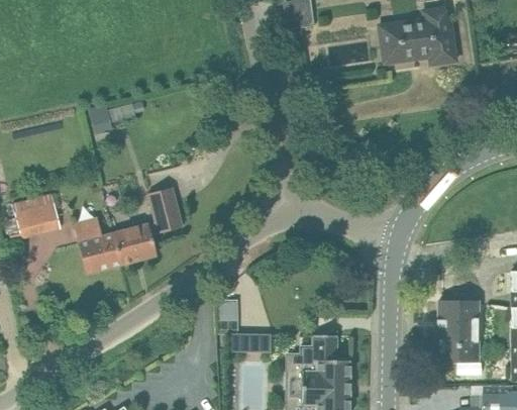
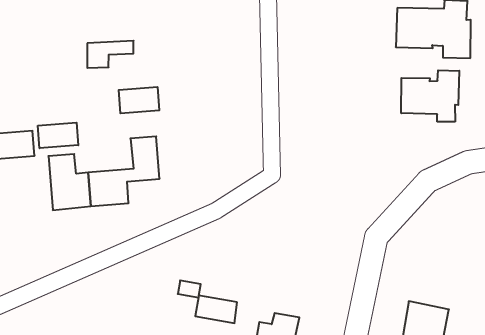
building: none -> [401,70,459,122]
building: none -> [119,87,159,113]
building: none -> [38,123,78,148]

